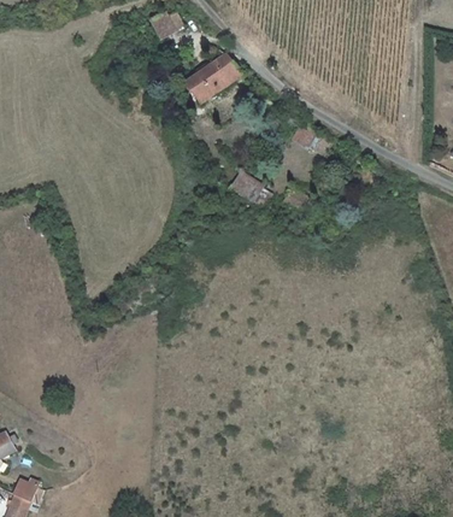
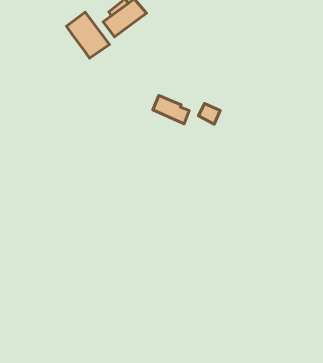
building: none -> [66,12,110,58]

